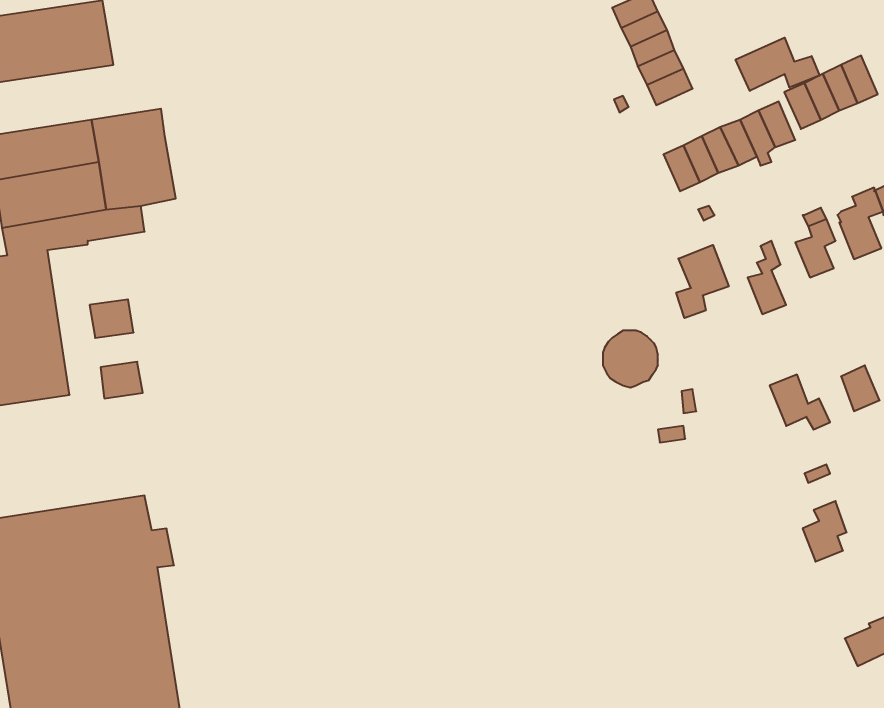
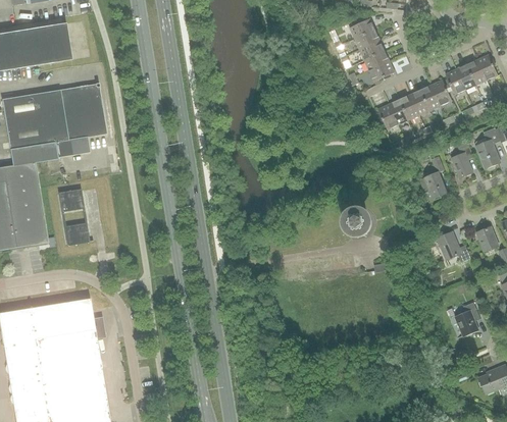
building: [736,38,820,91] -> none
building: [676,245,729,318] -> none

